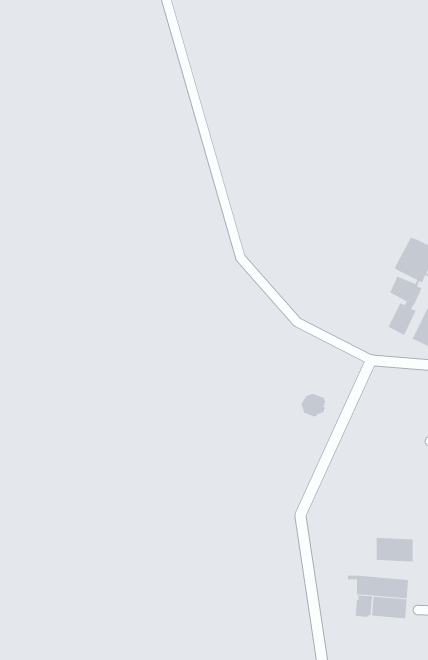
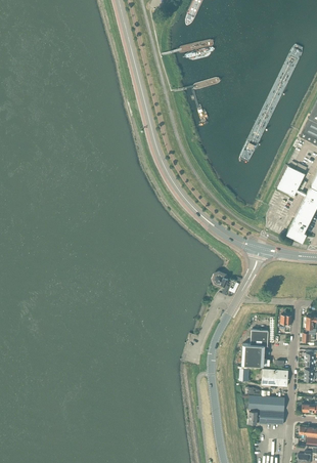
building: none -> [241,330,268,366]

